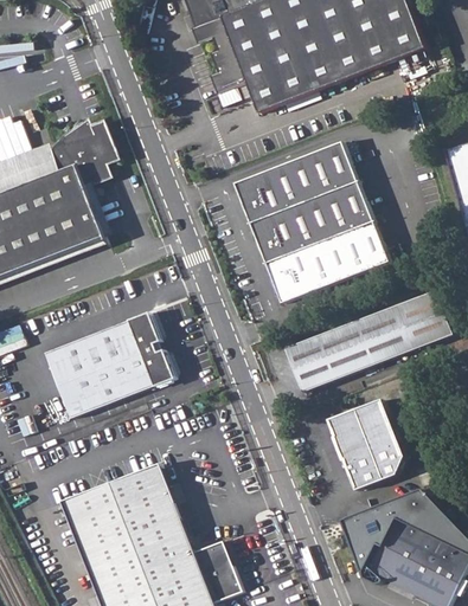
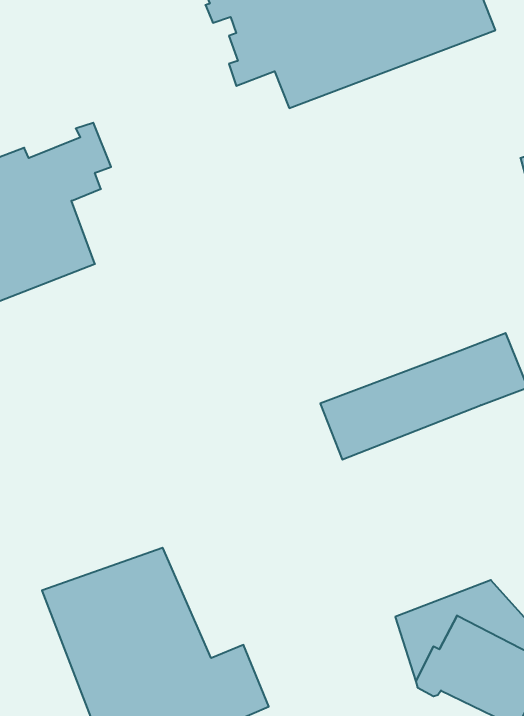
building: [233,141,387,303] -> none
building: [44,311,173,417] -> none
building: [328,399,404,489] -> none

